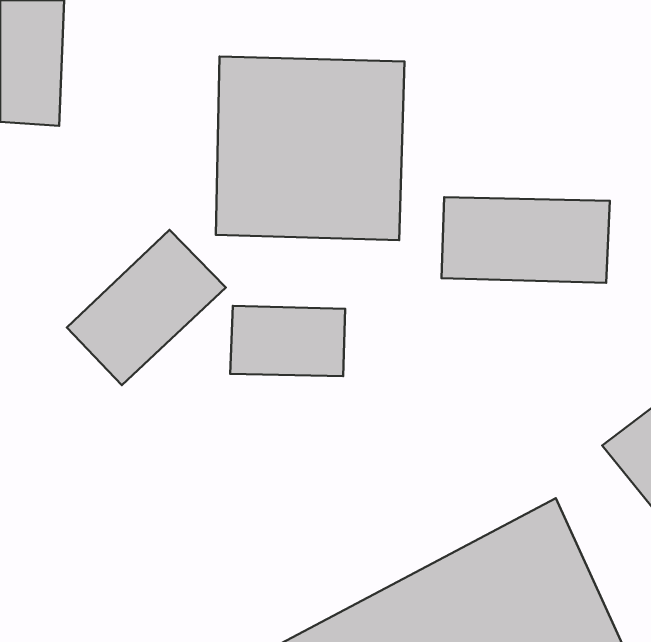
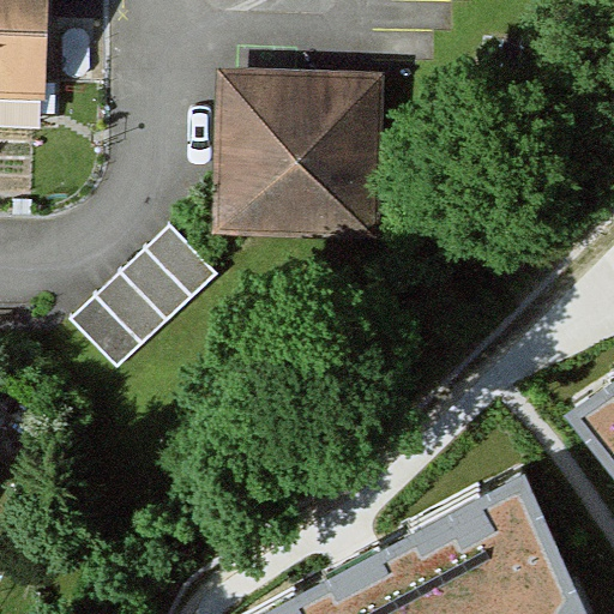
building: [442,197,610,283] -> none
building: [230,306,345,376] -> none

